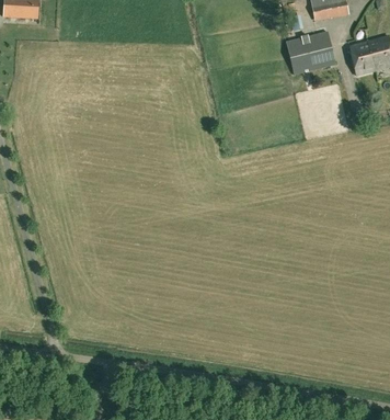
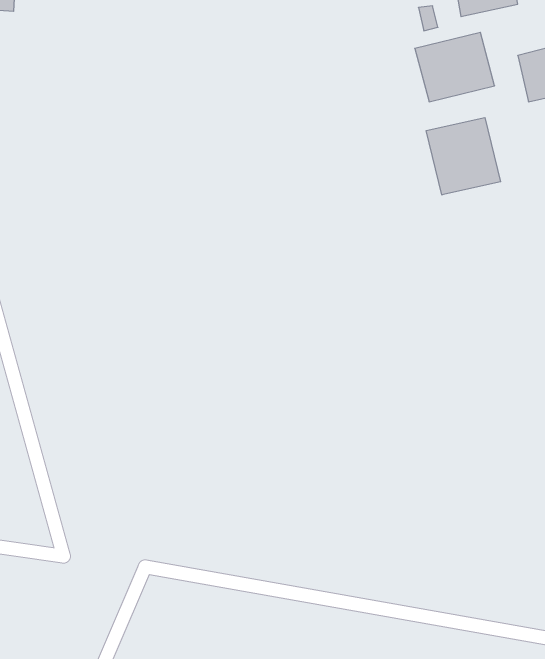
building: none -> [426,118,501,195]

